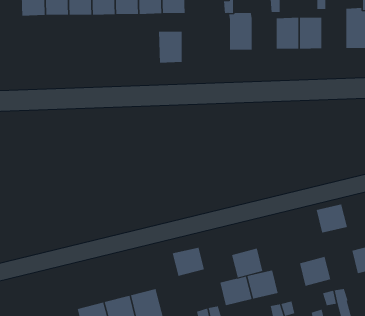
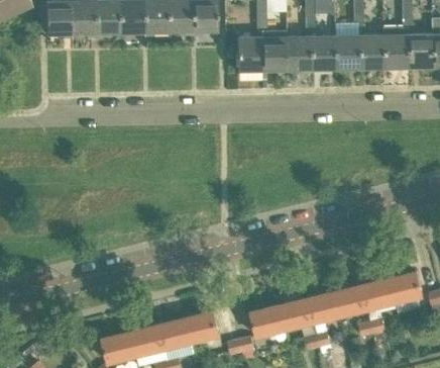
building: none -> [357,35,381,69]
building: none -> [285,37,309,71]
building: [158,31,183,63] -> [235,38,260,72]
building: [316,204,348,233] -> [360,279,394,309]
building: [172,247,205,276] -> [185,312,219,343]
building: [231,248,263,278] -> [306,292,339,324]

